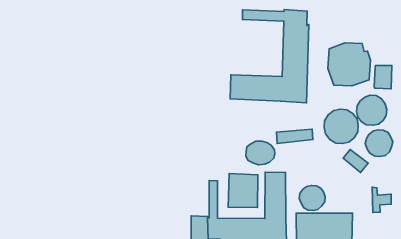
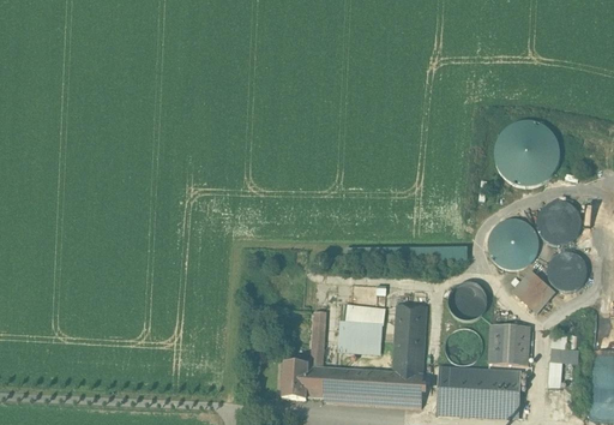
building: [230,10,309,103] -> none
building: [374,65,392,89] -> none
building: [246,141,275,165] -> none
building: none -> [447,282,486,321]
building: none -> [488,324,529,365]

